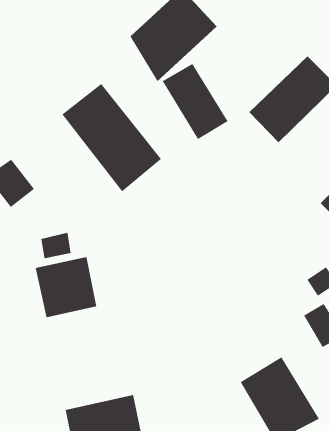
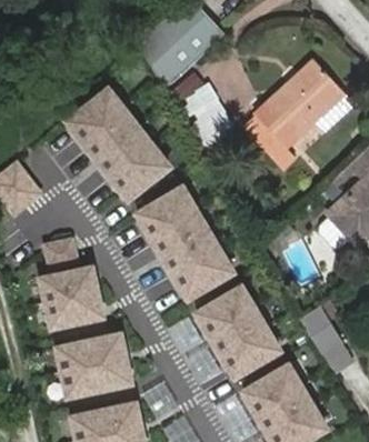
building: none -> [136,187,229,297]
building: none -> [196,285,277,376]
building: none -> [57,332,130,395]

